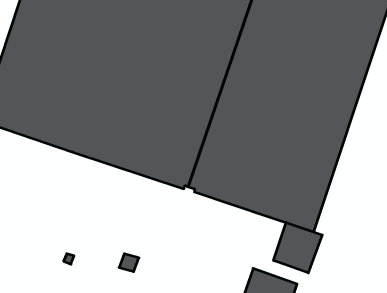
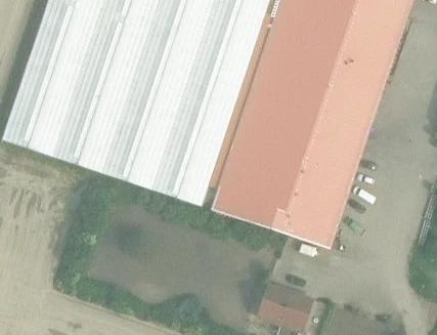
building: [274,222,322,273] -> none

